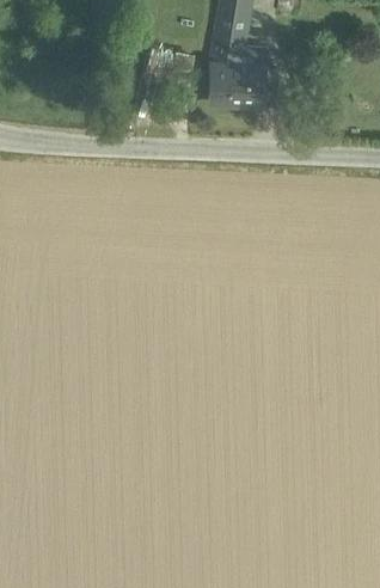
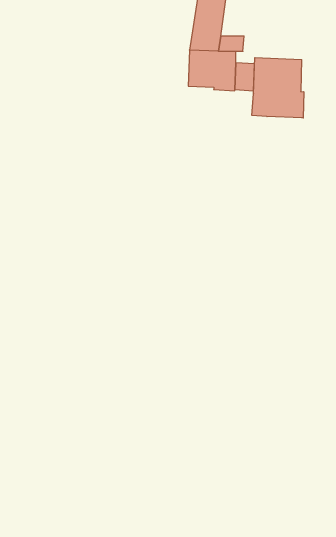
building: none -> [252,58,304,118]

